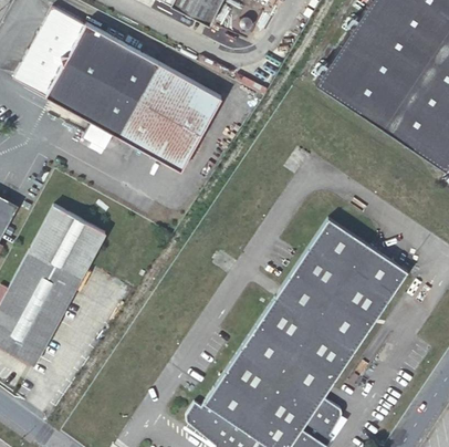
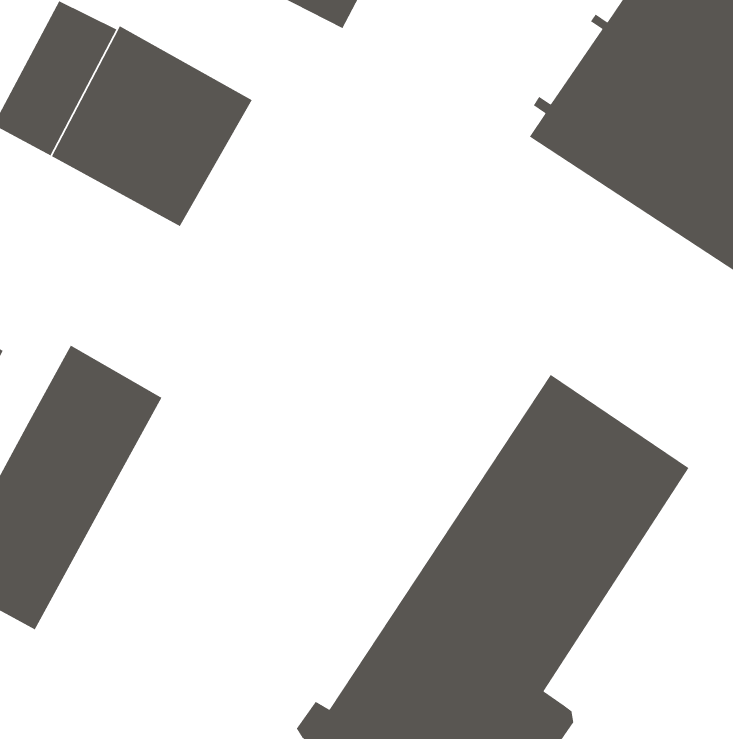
building: [118,64,220,170] -> none

